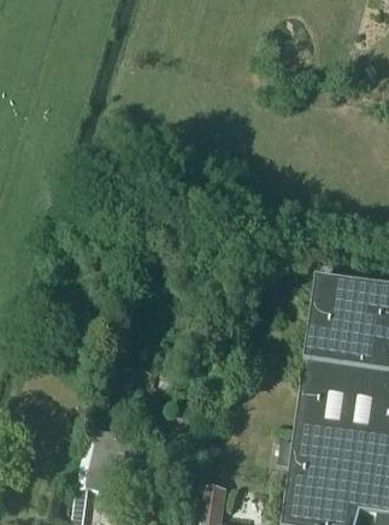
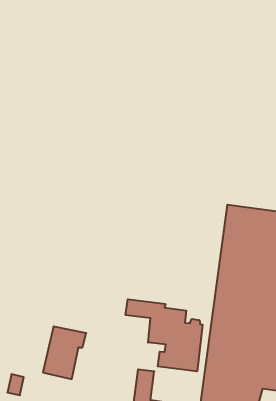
building: none -> [126,299,203,371]

